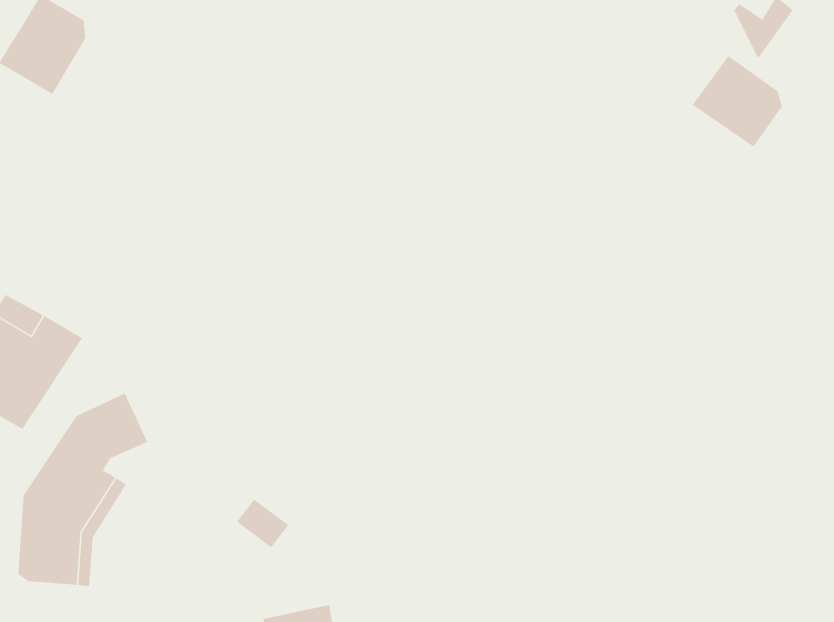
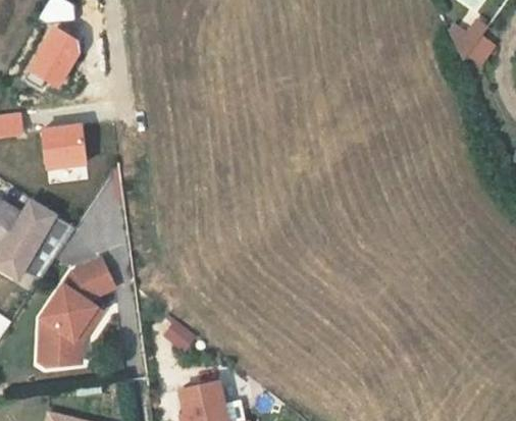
building: [692,55,783,148] -> none
building: none -> [43,124,87,168]

